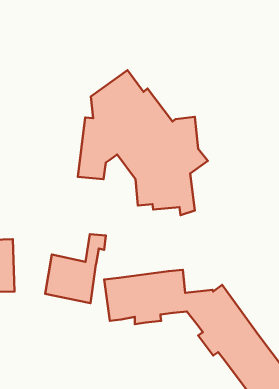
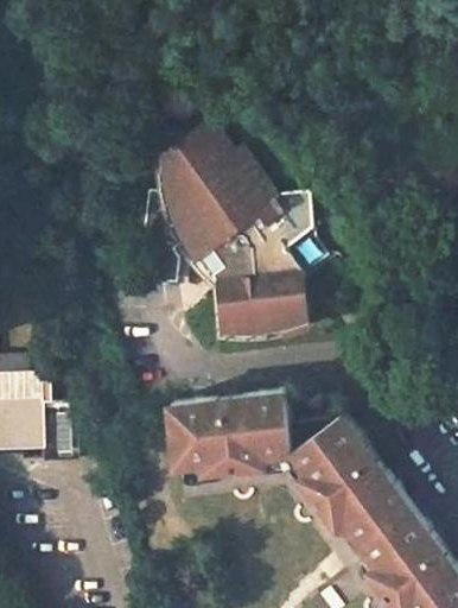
building: none -> [178,235,282,330]
building: [45,234,106,303] -> none

